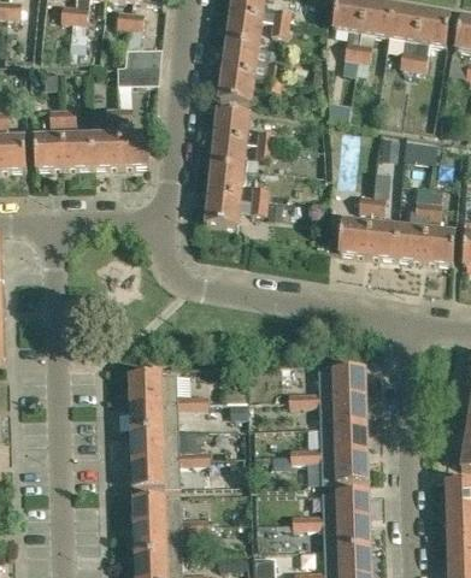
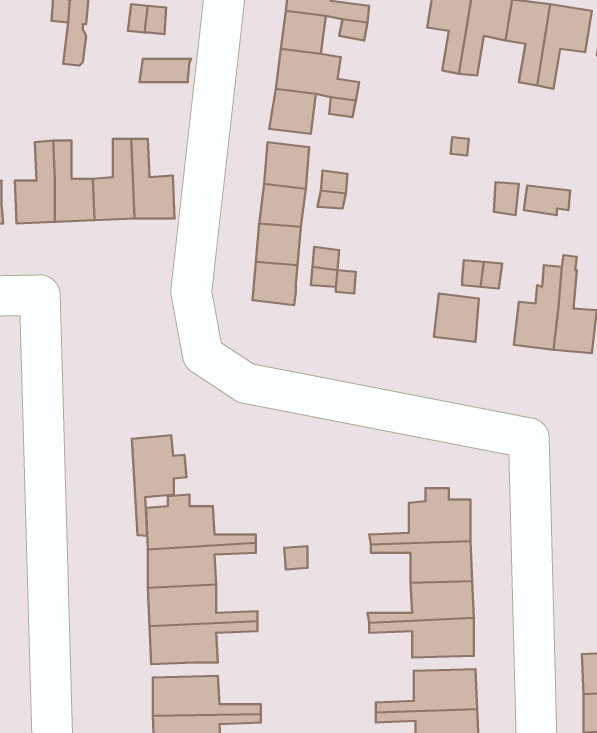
building: [117,66,159,85] -> none
building: [367,223,399,256] -> none
building: none -> [132,435,186,536]

